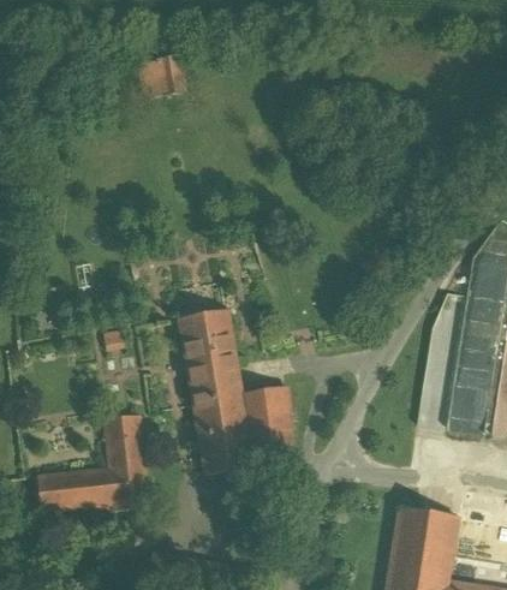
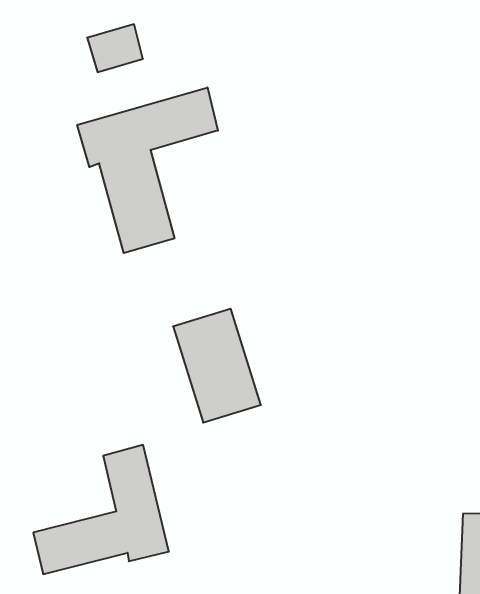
building: none -> [77,87,218,253]
building: [191,385,292,473] -> none

